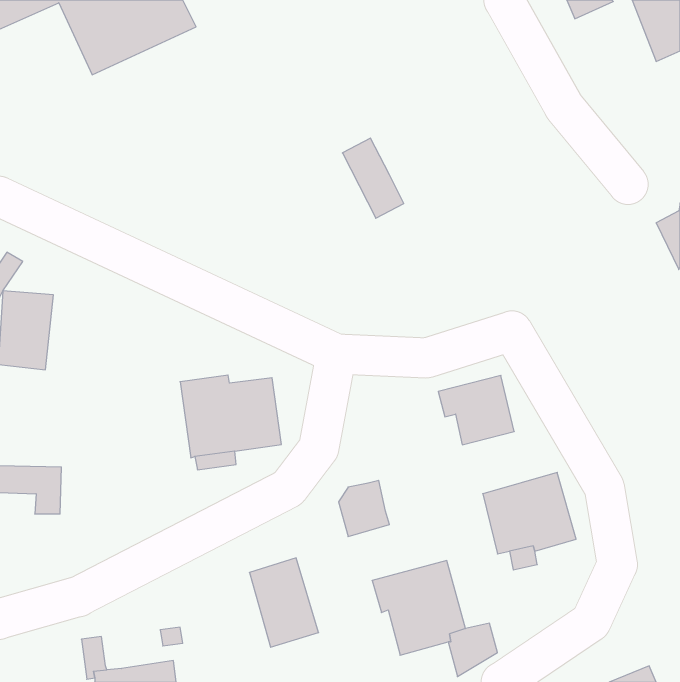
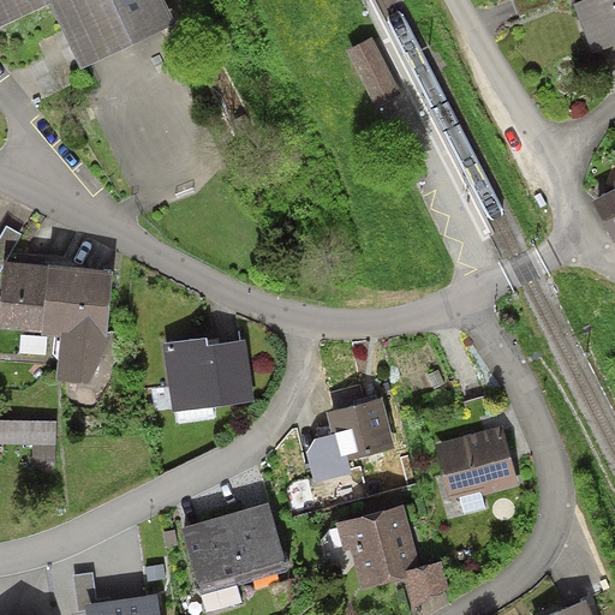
building: [342,138,404,218] -> [346,36,401,108]
building: none -> [41,265,113,384]
building: [438,375,514,445] -> [326,398,394,460]
building: none -> [180,515,244,596]

